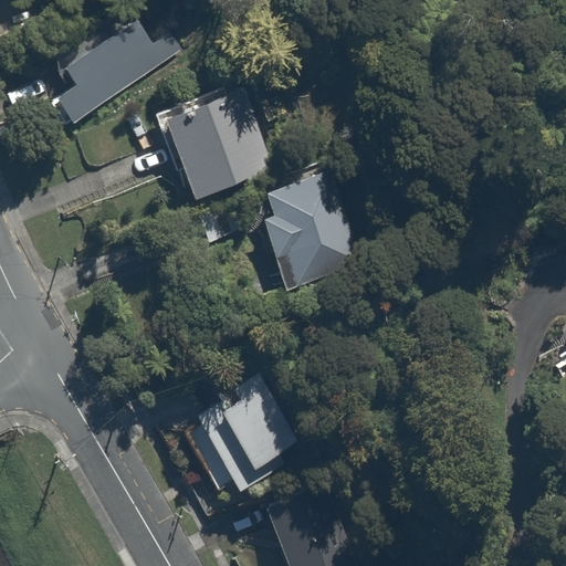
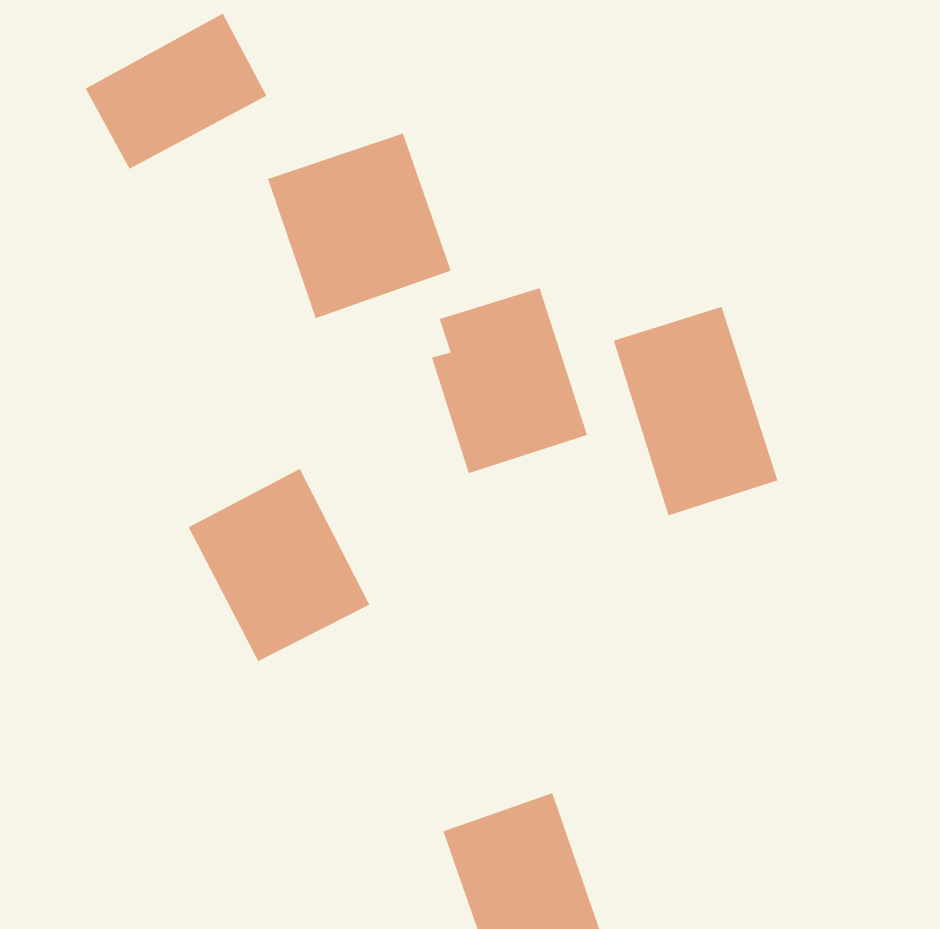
building: none -> [613,306,778,516]
building: [197,377,306,493] -> [188,468,370,662]

